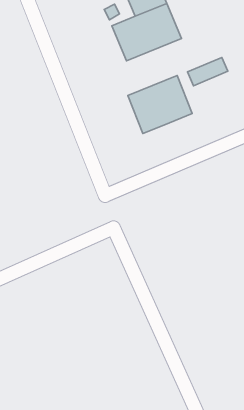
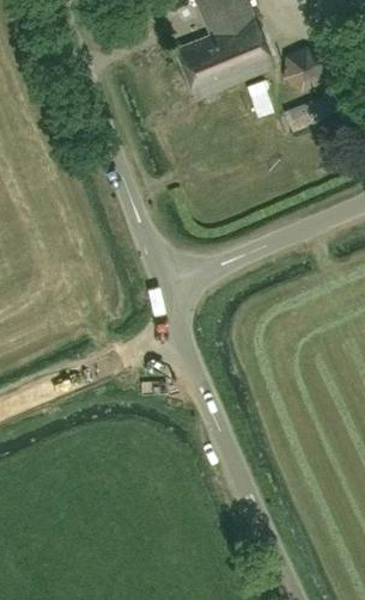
building: none -> [281,48,324,92]
building: [128,76,192,133] -> none

